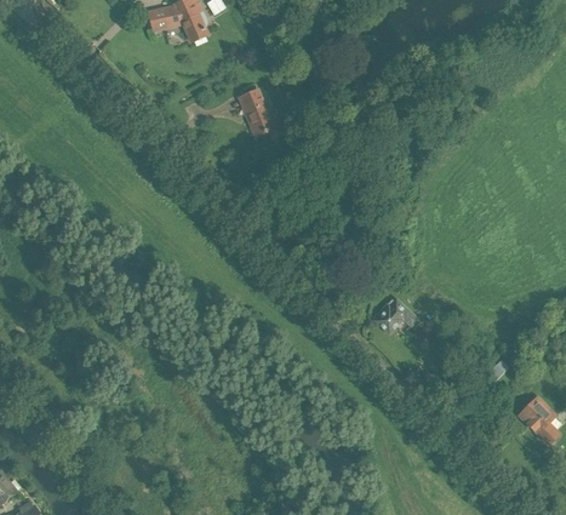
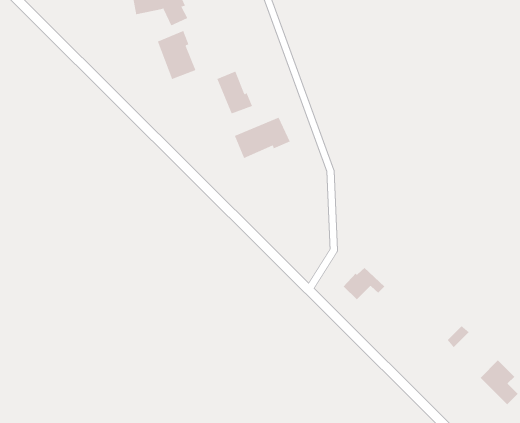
building: none -> [157,30,196,80]
building: none -> [234,117,291,159]

